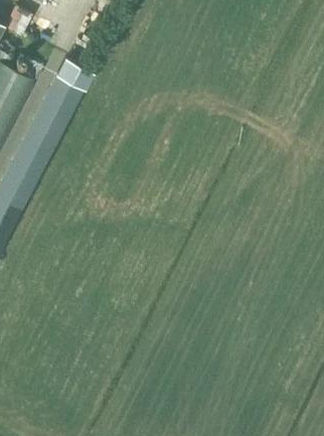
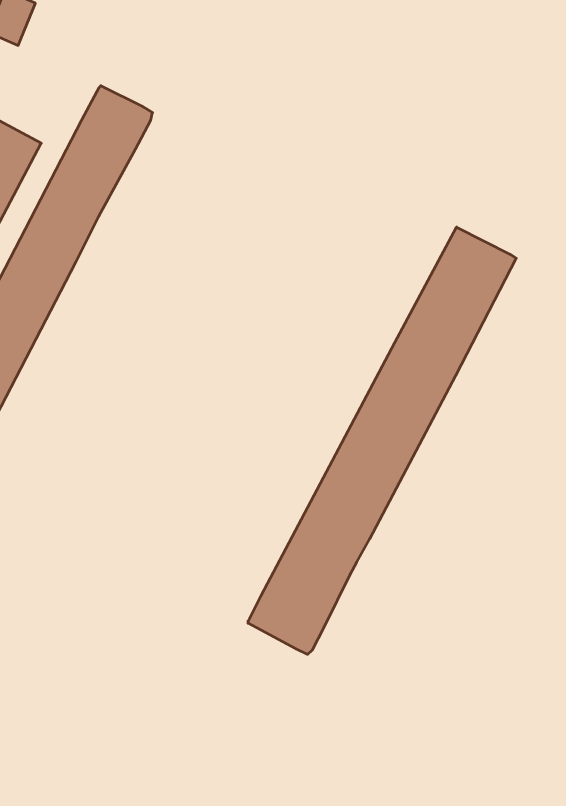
building: none -> [248,227,516,654]

